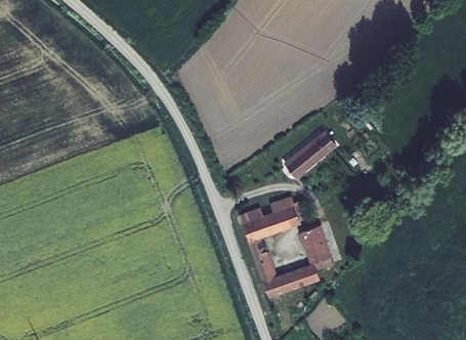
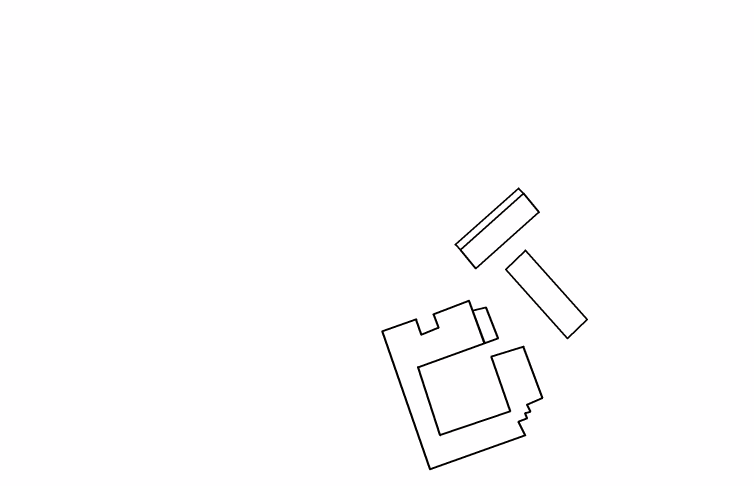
building: none -> [506,250,587,338]

